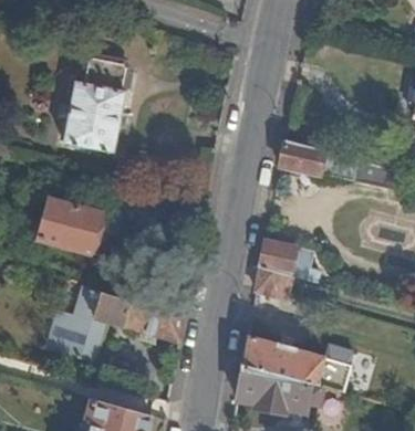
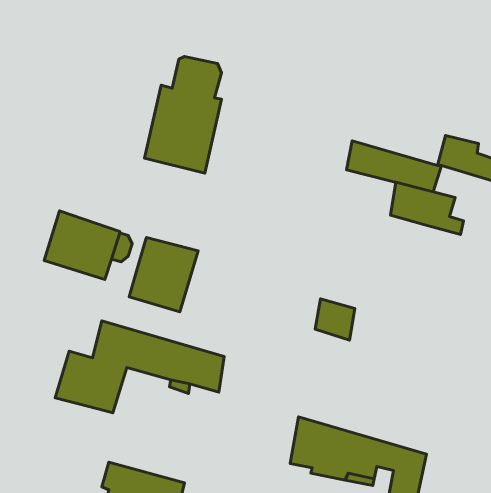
building: [64,57,126,151] -> [145,56,221,173]
building: none -> [129,238,198,312]
building: [261,241,320,283] -> [391,182,463,234]
building: [243,334,349,391] -> none

